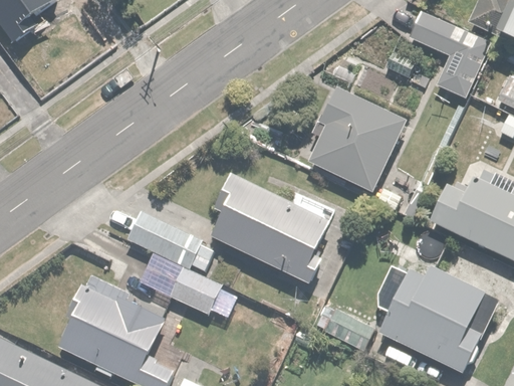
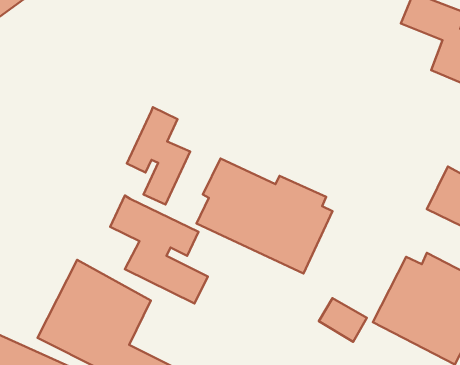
building: [306,85,409,191] -> none
building: none -> [127,107,190,205]

